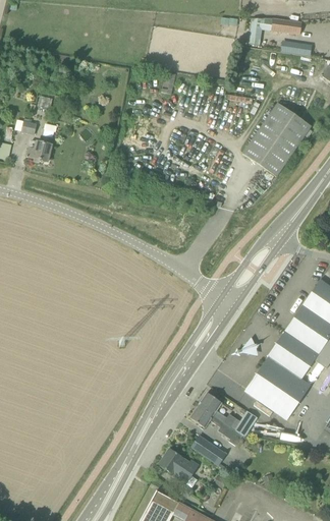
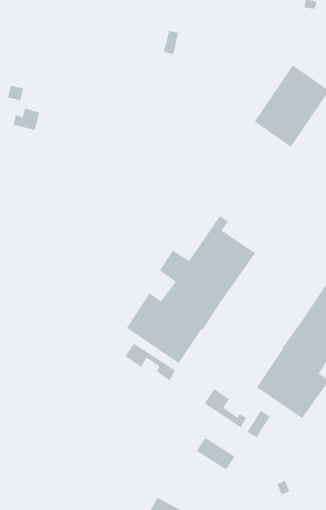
building: none -> [126,215,256,364]
building: [189,405,236,440] -> [124,343,177,381]
building: [159,448,198,483] -> none

